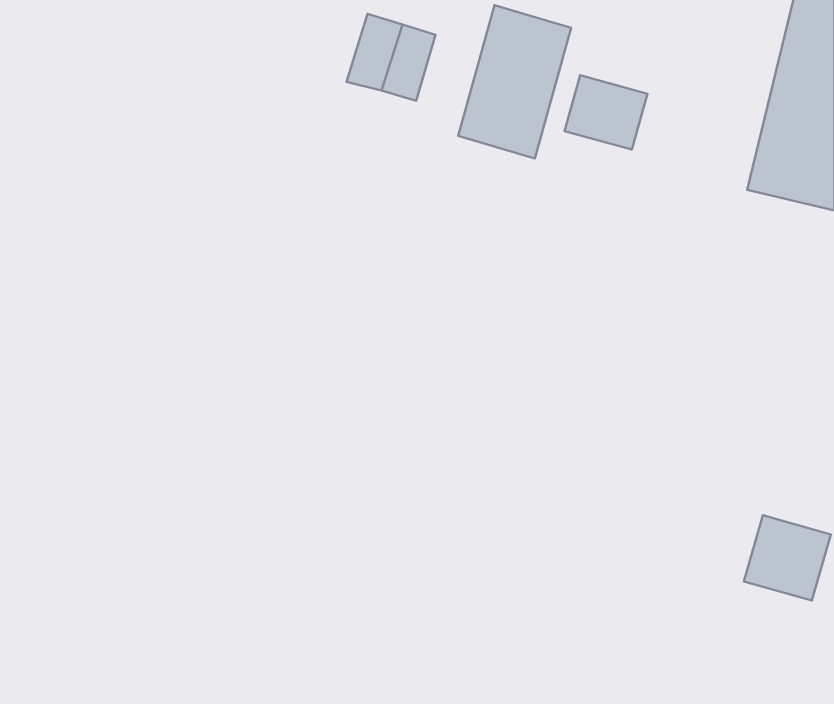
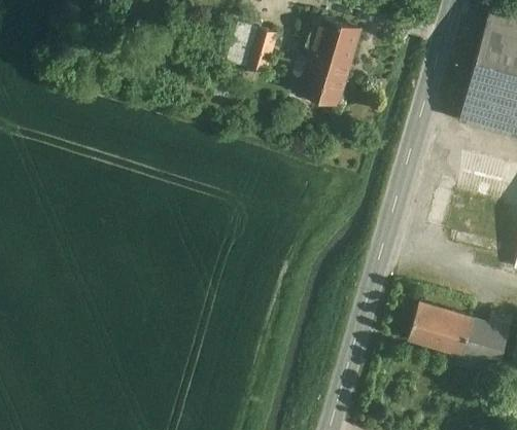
building: [565,75,648,150] -> none
building: none -> [410,302,473,356]

